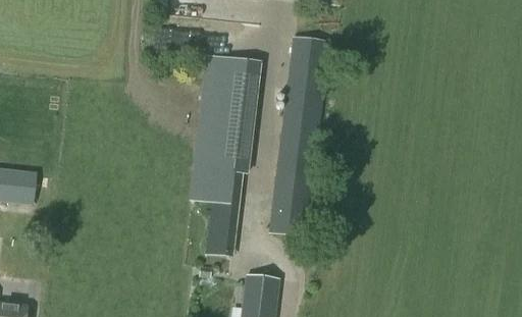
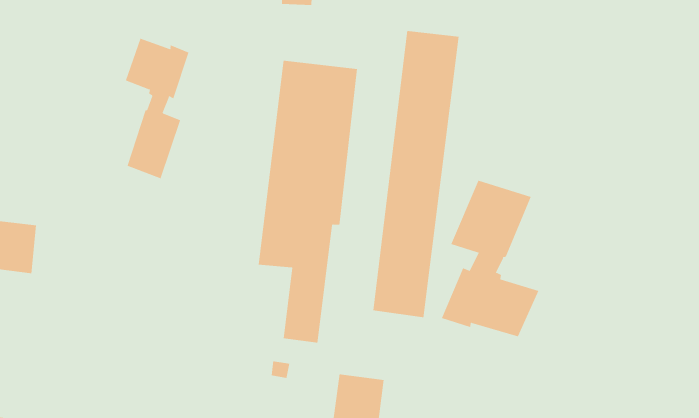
building: none -> [125,38,189,179]
building: none -> [441,180,539,337]

